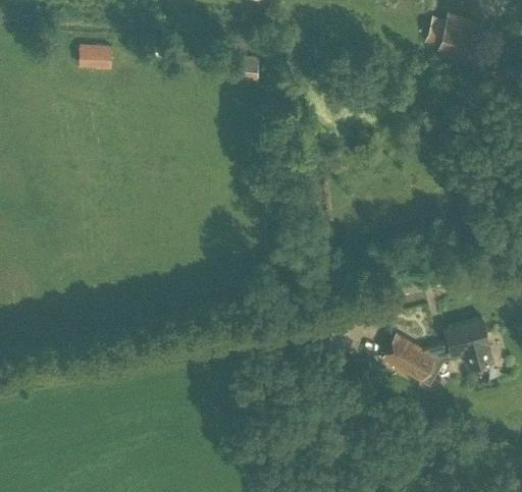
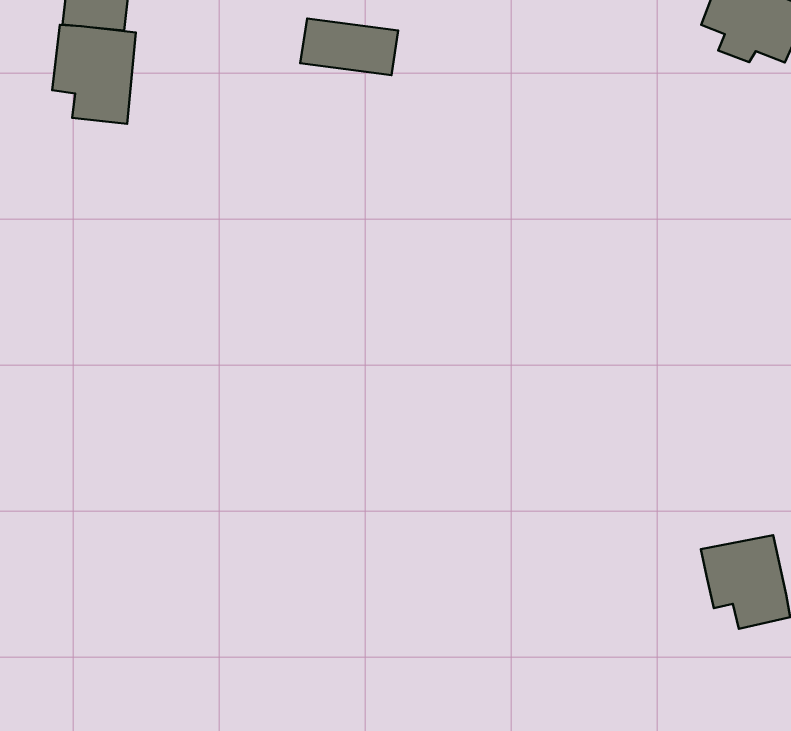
building: none -> [52,25,136,124]
building: [383,333,453,386] -> none

